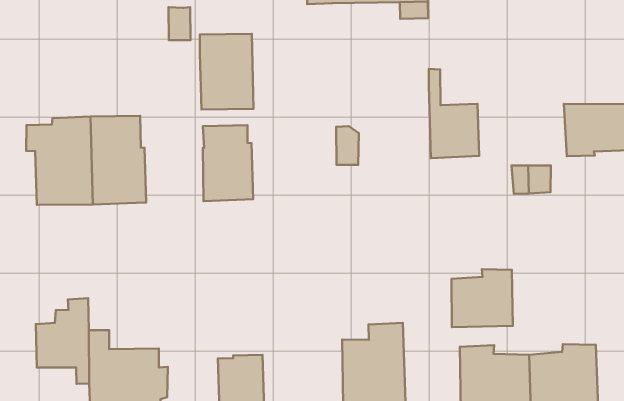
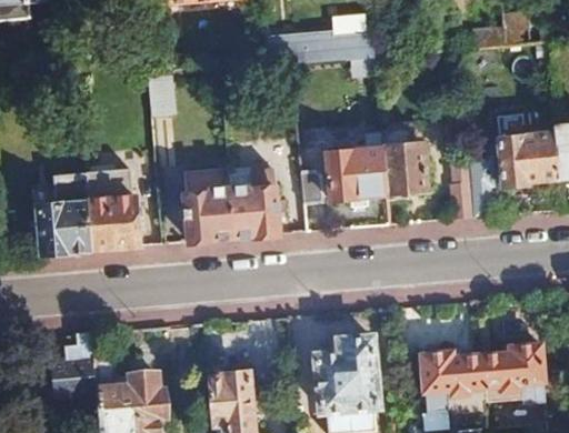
building: [200,34,254,110] -> [227,168,278,236]
building: none -> [323,128,386,197]
building: [452,269,513,327] -> none

